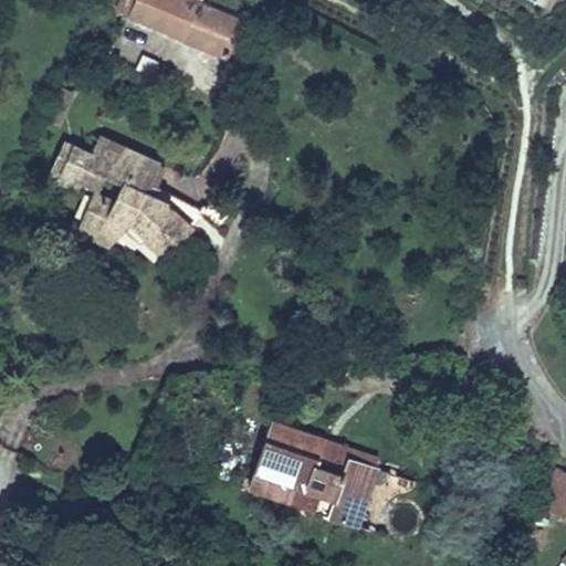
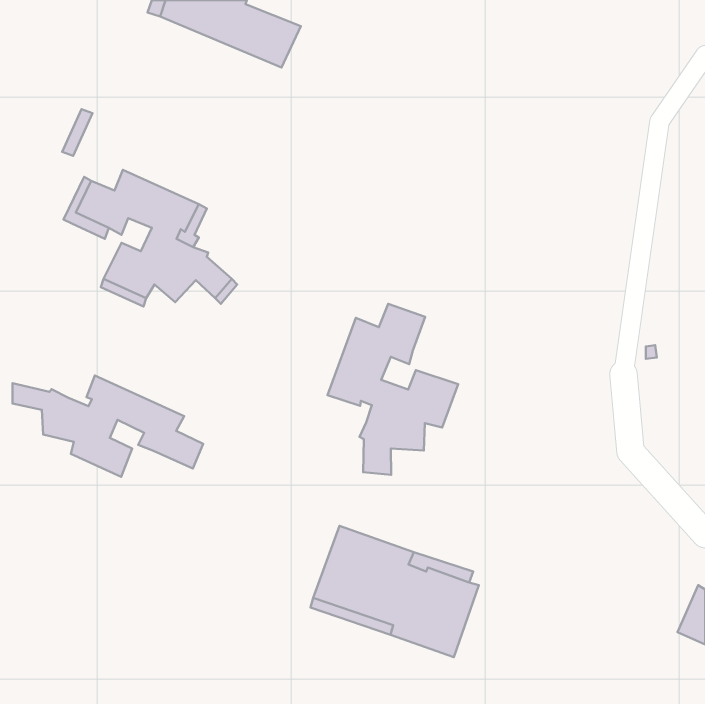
building: none -> [328,304,458,475]
building: none -> [12,375,203,477]

